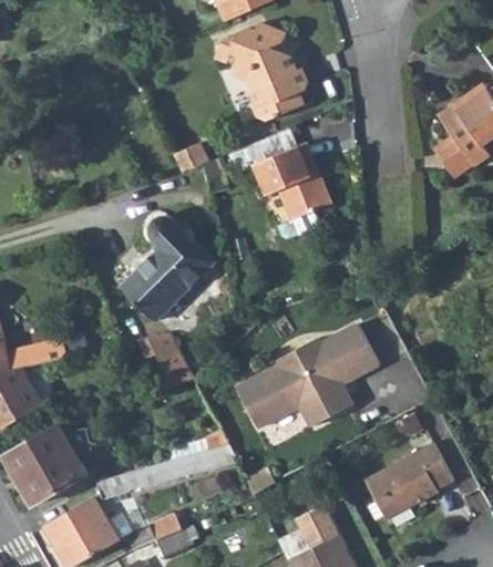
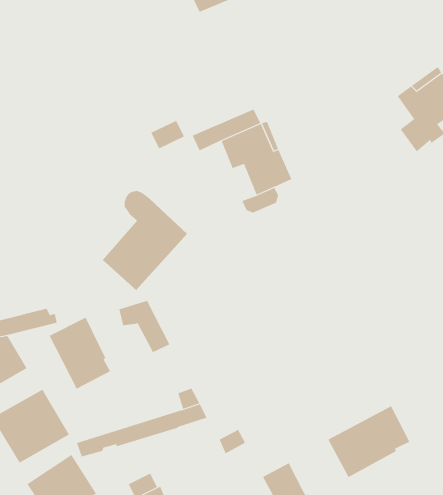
building: [217,22,308,116] -> none
building: [234,324,377,430] -> none
building: none -> [49,317,111,390]

